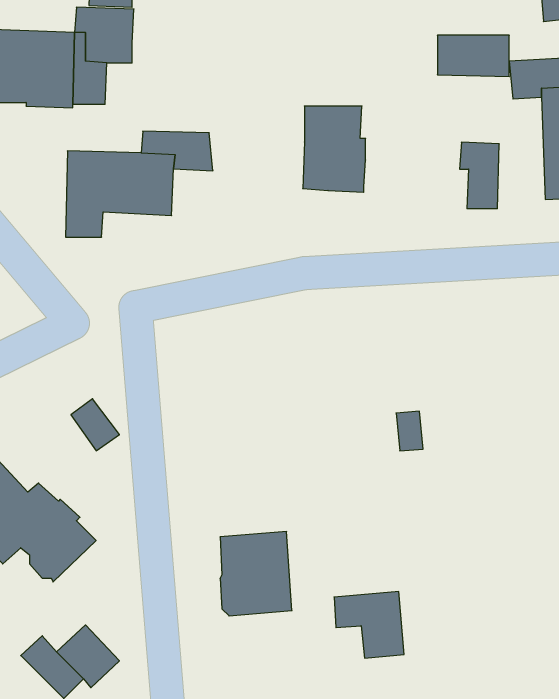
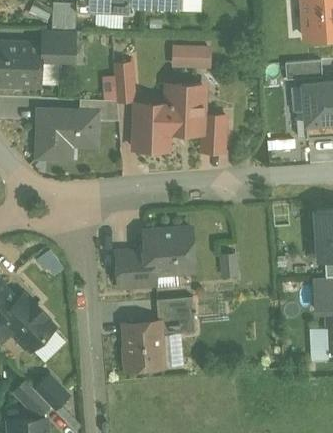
building: [437,35,509,77] -> [175,45,215,68]
building: none -> [116,64,135,101]
building: none -> [134,105,171,151]
building: [460,142,499,209] -> [204,116,226,153]
building: none -> [116,230,194,289]
building: [334,592,404,658] -> [157,298,196,335]

